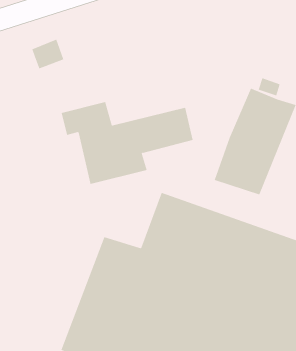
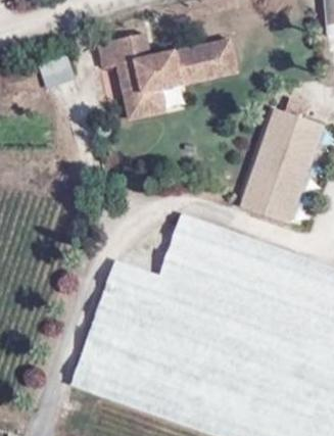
building: [61,102,193,184] -> [96,28,240,117]

